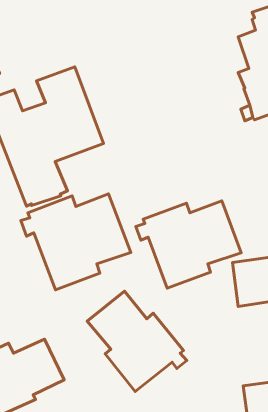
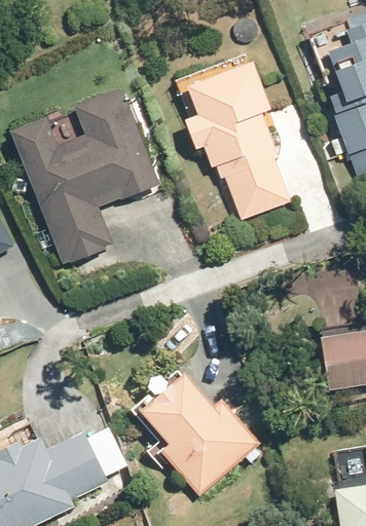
building: none -> [184,62,292,220]
building: [21,194,131,290] -> none
building: [136,201,241,288] -> none

